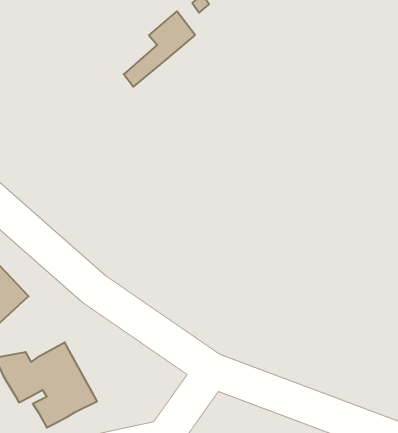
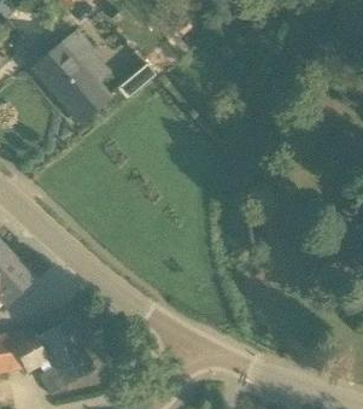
building: none -> [34,30,110,122]

